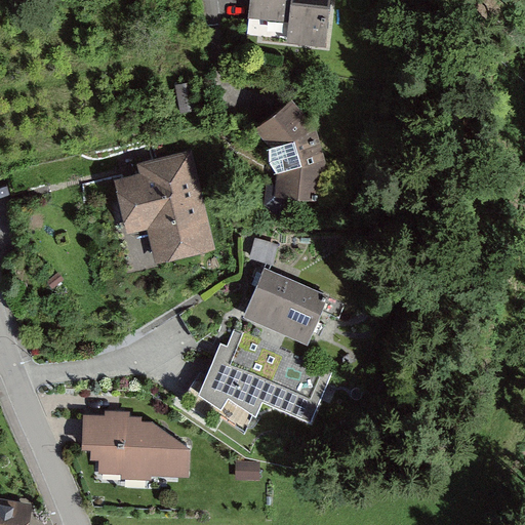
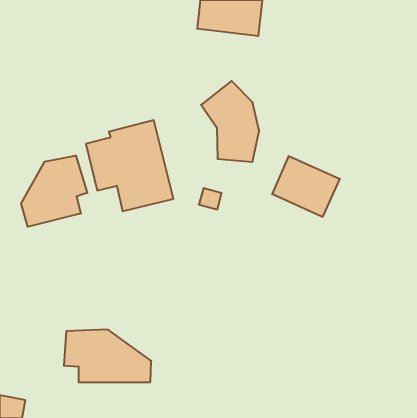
building: none -> [21,156,87,227]
building: [243,265,328,340] -> [272,156,340,217]
building: [196,328,335,421] -> none

